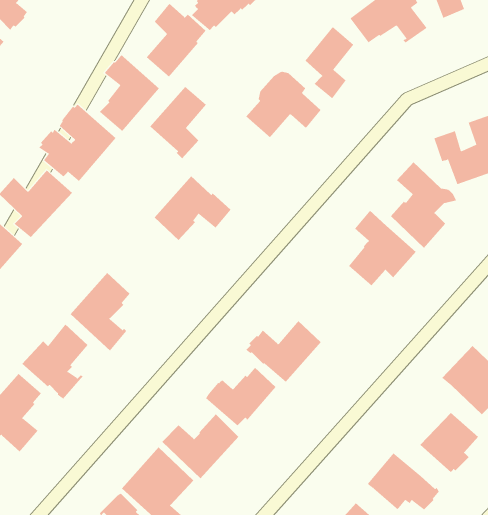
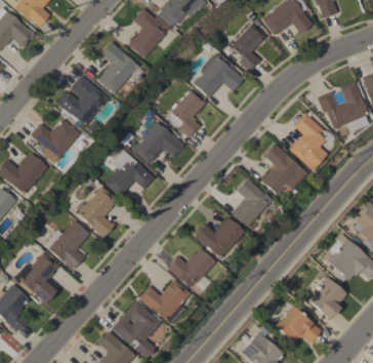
building: [149,86,207,159] -> [168,90,206,138]
building: none -> [107,150,155,197]
building: none -> [233,177,272,227]

